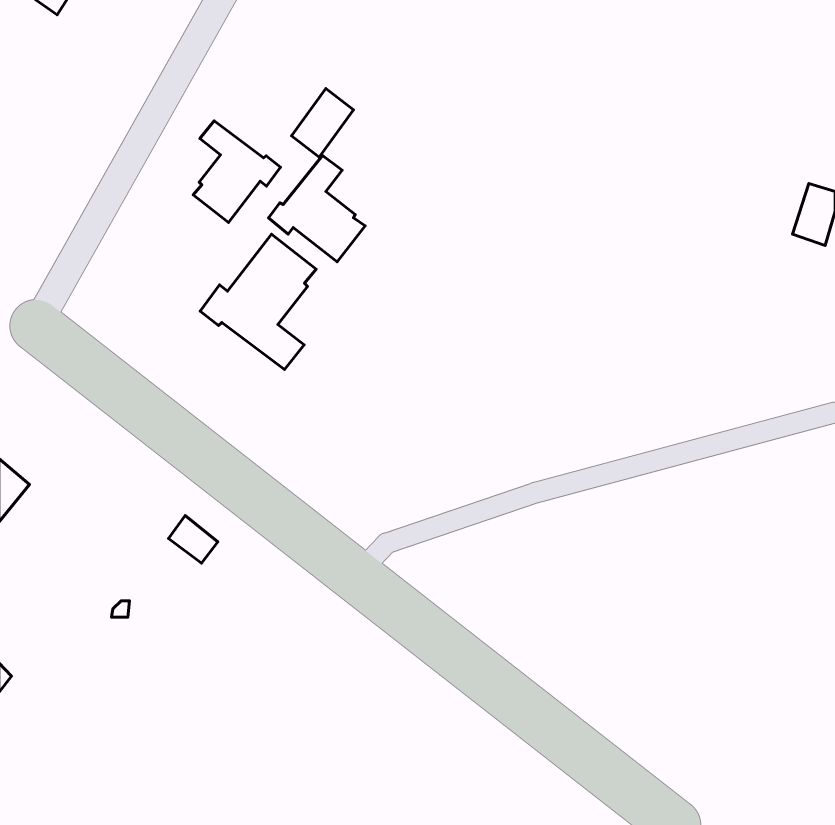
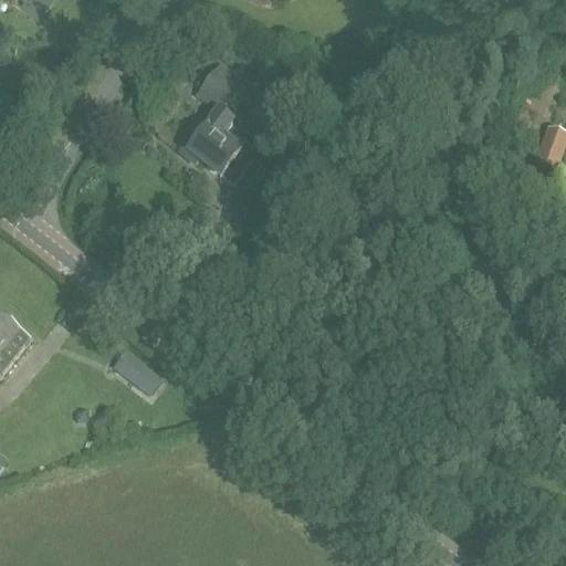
building: [193,121,280,222] -> none
building: [200,234,316,370] -> none

